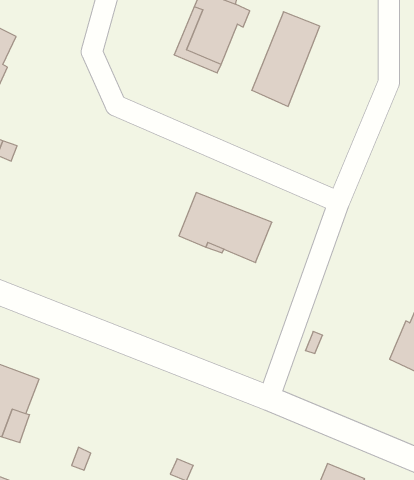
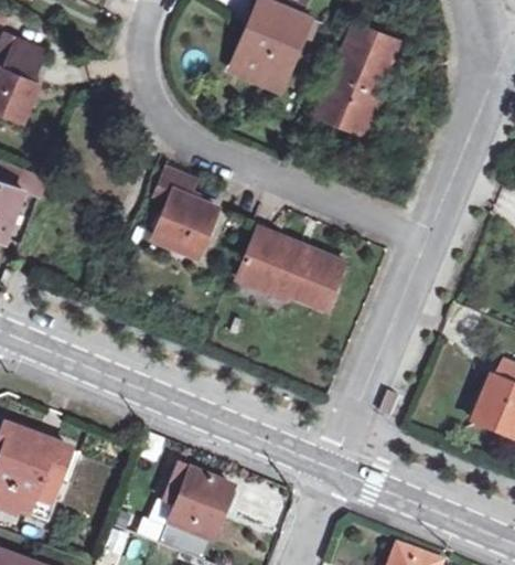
building: none -> [150,171,212,257]
building: none -> [164,470,234,552]

